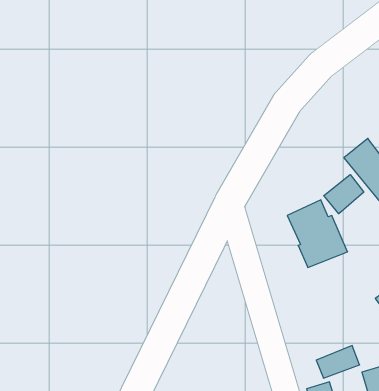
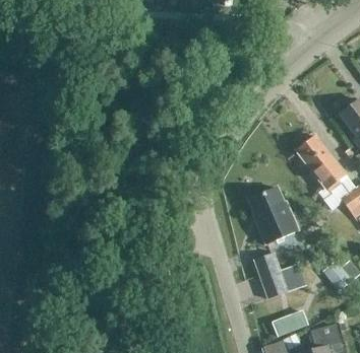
building: [324,175,364,214] -> none
building: none -> [253,252,306,298]

